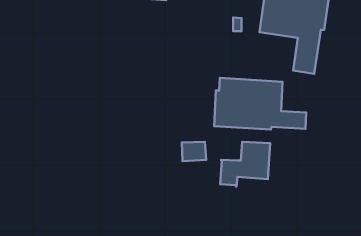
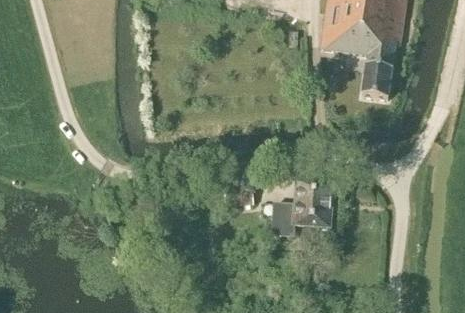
building: [214,78,306,129] -> none

